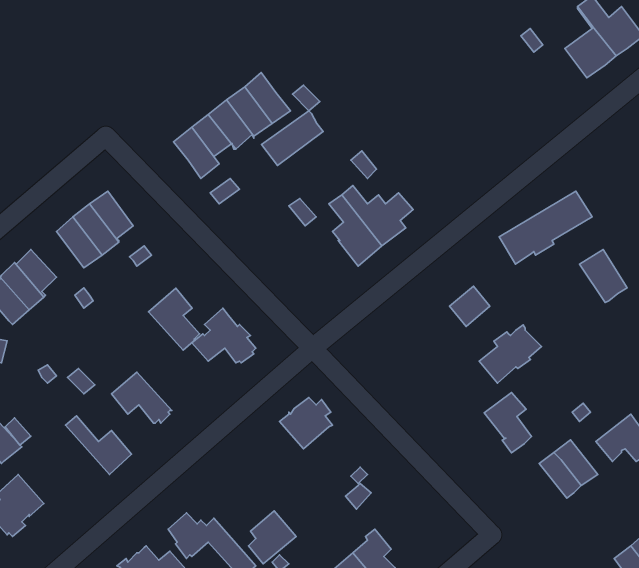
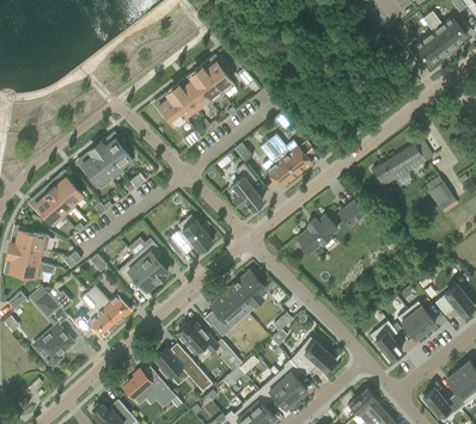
building: [261,111,323,166] -> none
building: none -> [233,164,263,210]
building: [148,288,200,350] -> [135,241,169,282]
building: [479,325,541,383] -> [298,214,338,252]
building: [484,393,532,453] -> [371,321,402,361]
building: none -> [210,289,244,336]
building: none -> [81,291,117,337]
building: none -> [178,322,219,354]
building: none -> [291,337,337,376]

